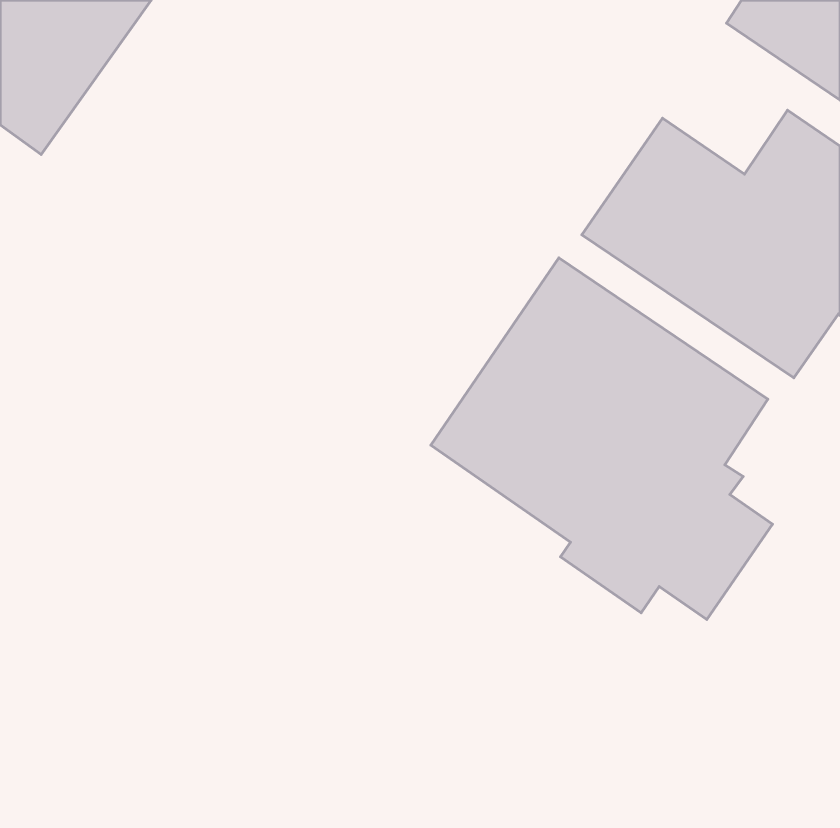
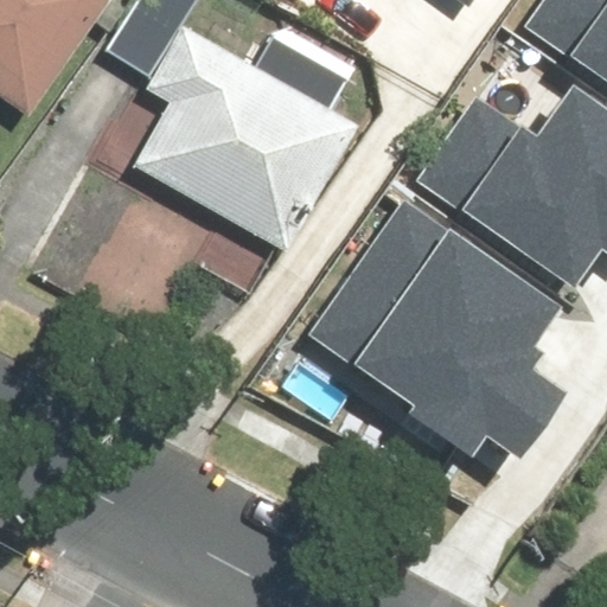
building: none -> [140,30,362,254]

